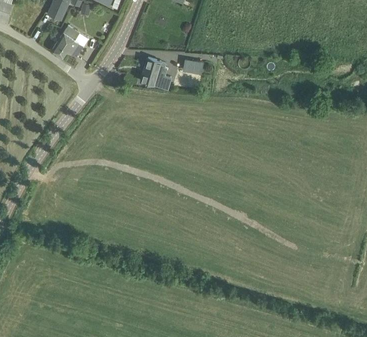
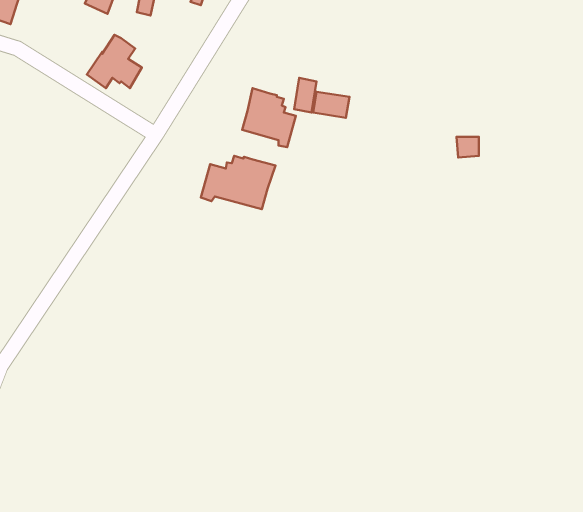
building: none -> [201,156,276,209]

